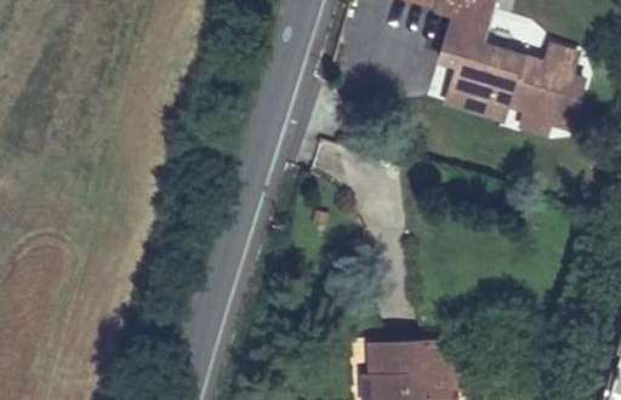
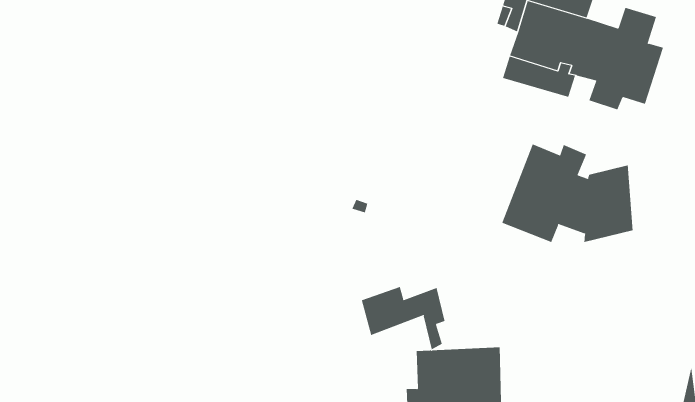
building: none -> [501,143,633,243]
building: none -> [361,286,445,350]

